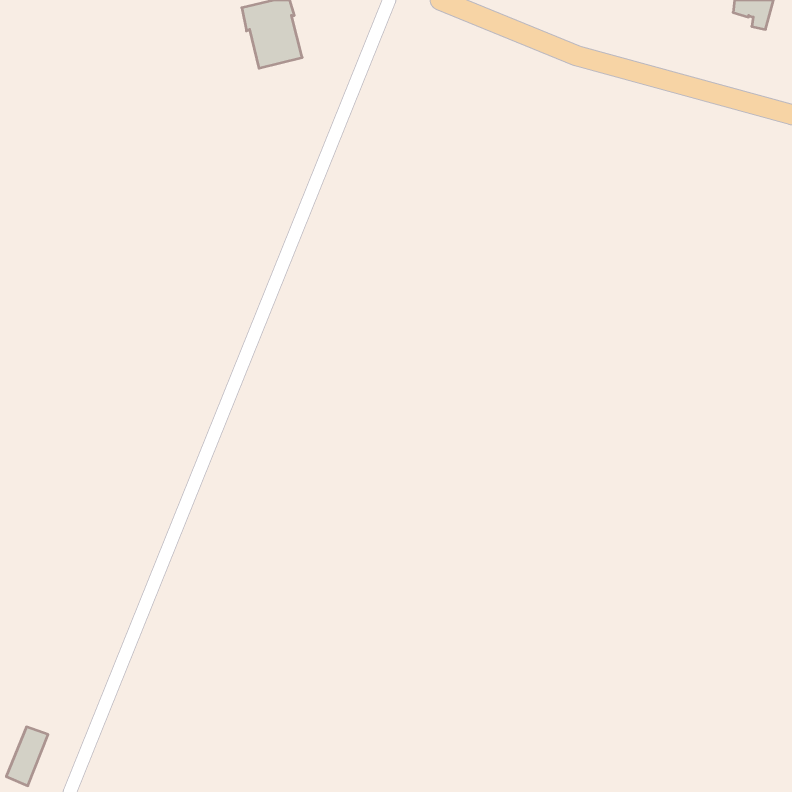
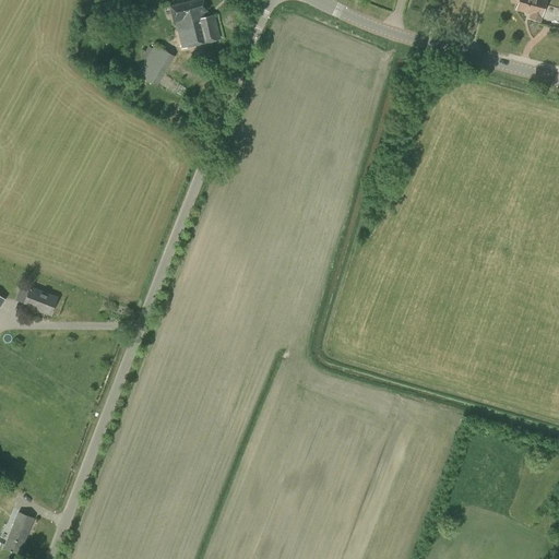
building: none -> [136,41,175,86]
building: none -> [23,287,57,314]

